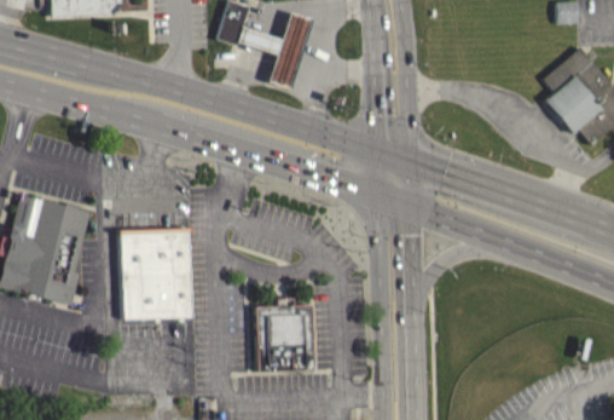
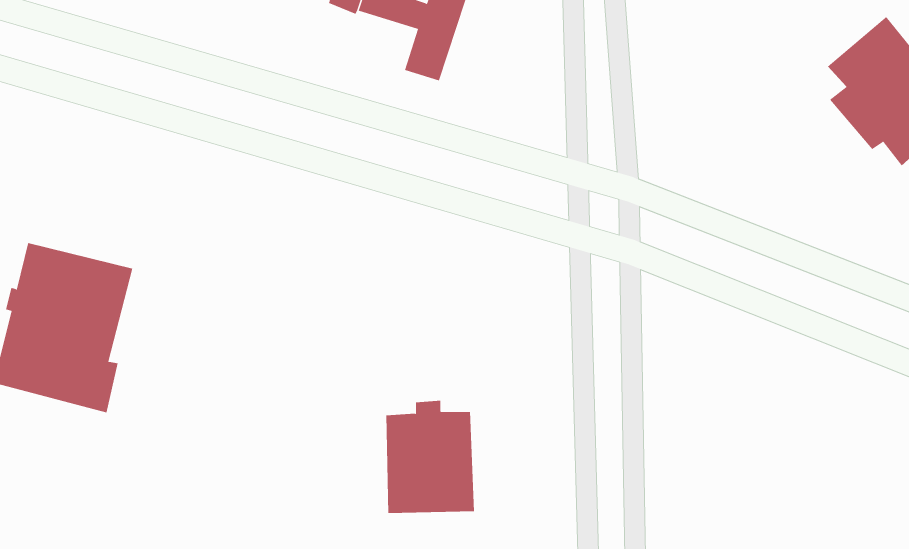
building: [121,225,192,317] -> none

